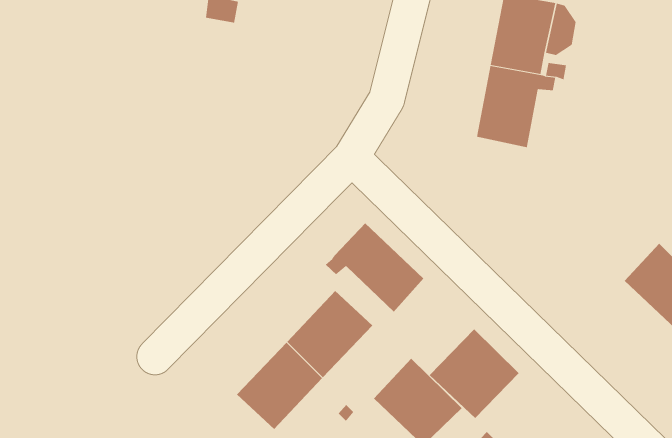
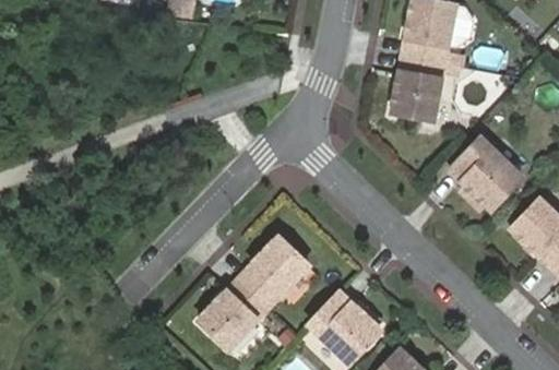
building: none -> [450,138,522,210]
building: [325,223,424,312] -> none
building: [429,328,520,419] -> none

